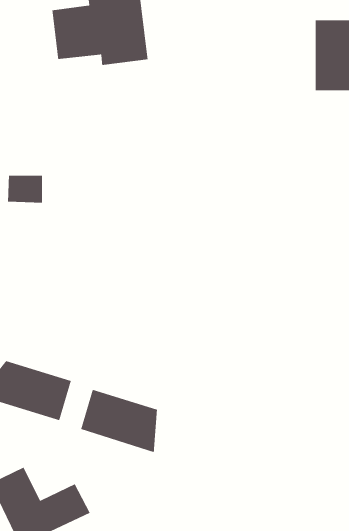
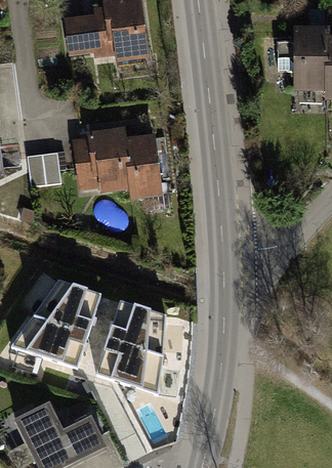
building: none -> [74,121,157,193]
building: none -> [30,284,98,334]
building: none -> [103,302,162,358]

